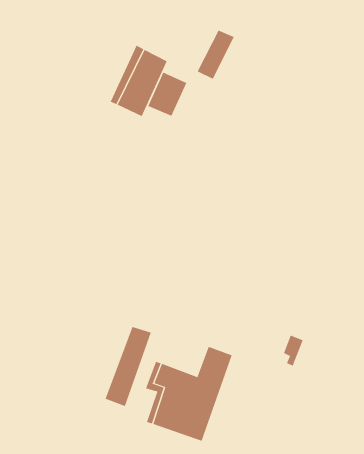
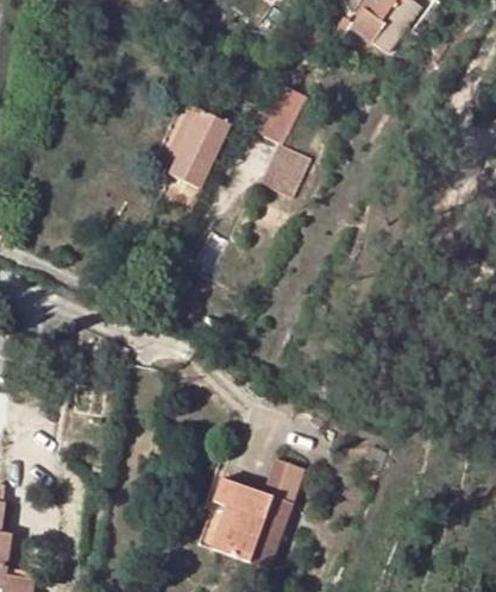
building: [148,72,187,116] -> [264,145,310,197]
building: [105,326,152,407] -> none

